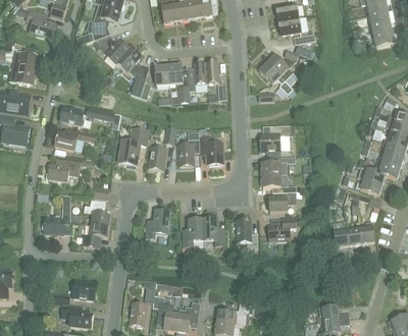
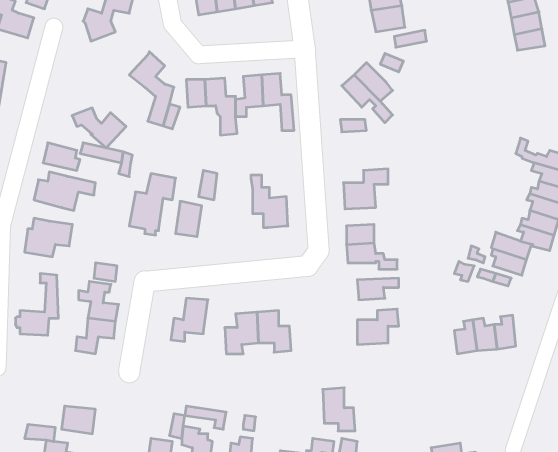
building: [94,37,130,63] -> [72,108,126,148]
building: [177,130,199,165] -> none
building: [236,219,257,247] -> [323,388,355,431]

